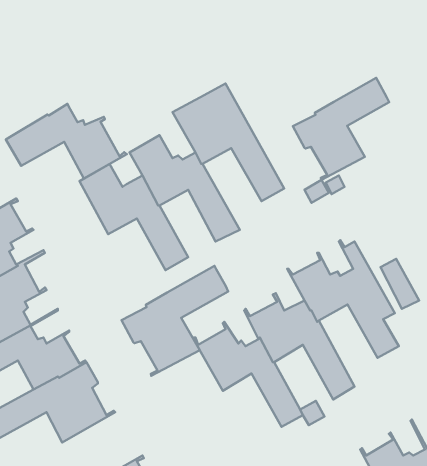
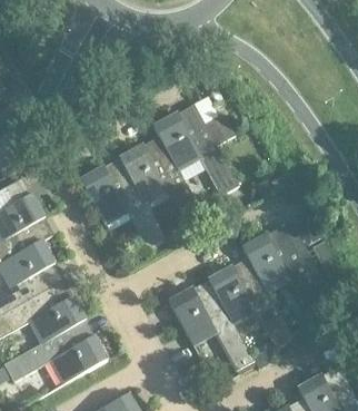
building: [293,78,389,180] -> none
building: [6,104,127,178] -> none
building: [121,266,228,376] -> none

